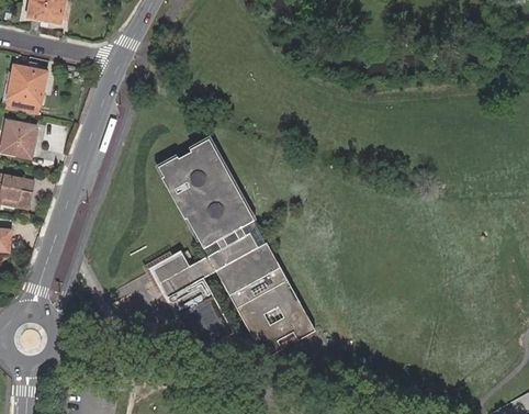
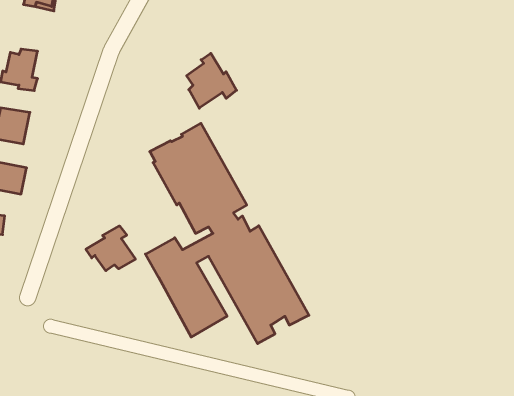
building: none -> [187,53,237,108]
building: none -> [86,226,135,271]

